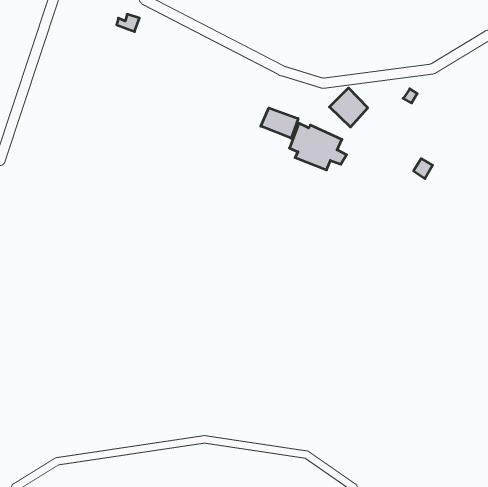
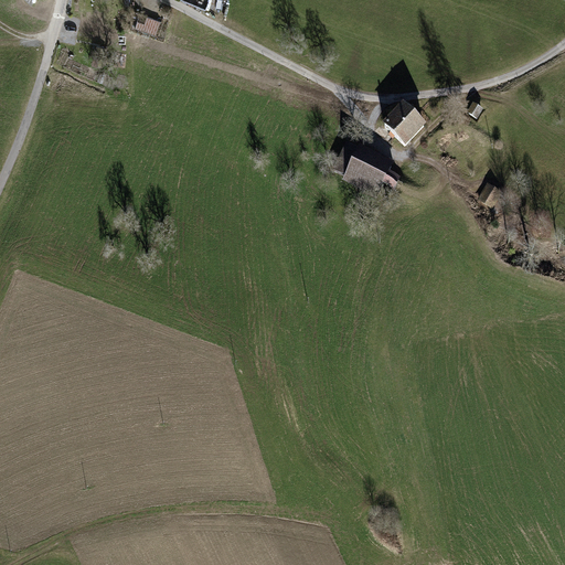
building: [261,108,298,138] -> none

